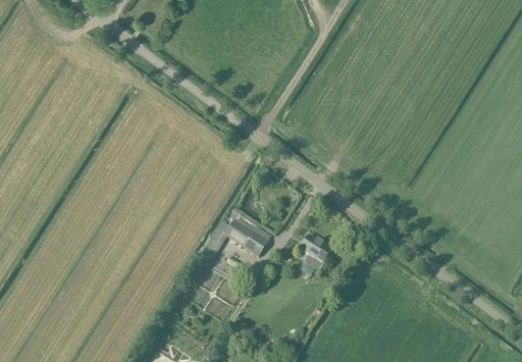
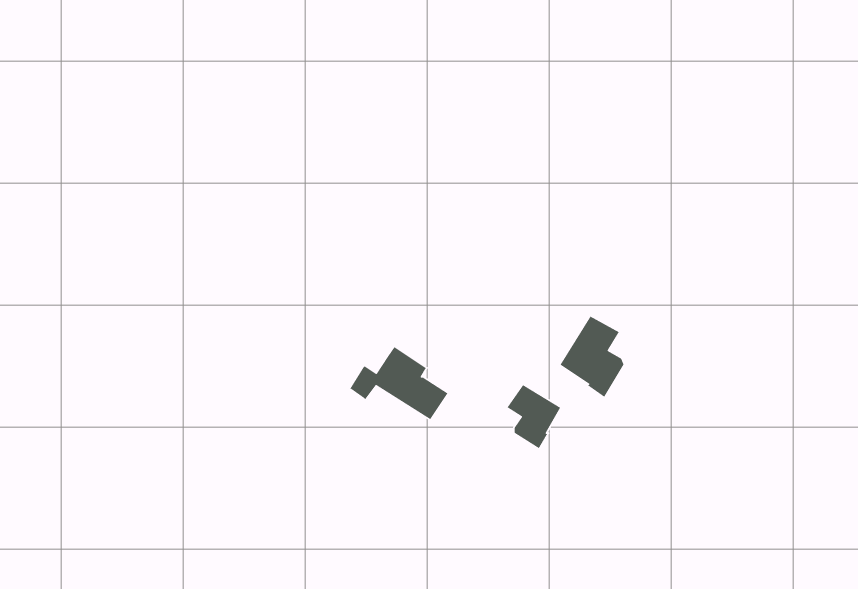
building: none -> [560,315,625,398]

